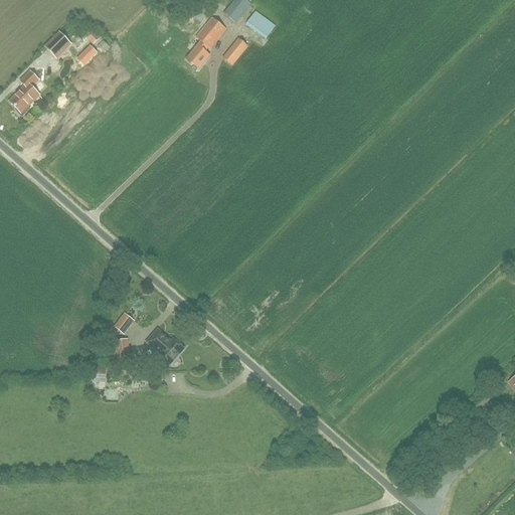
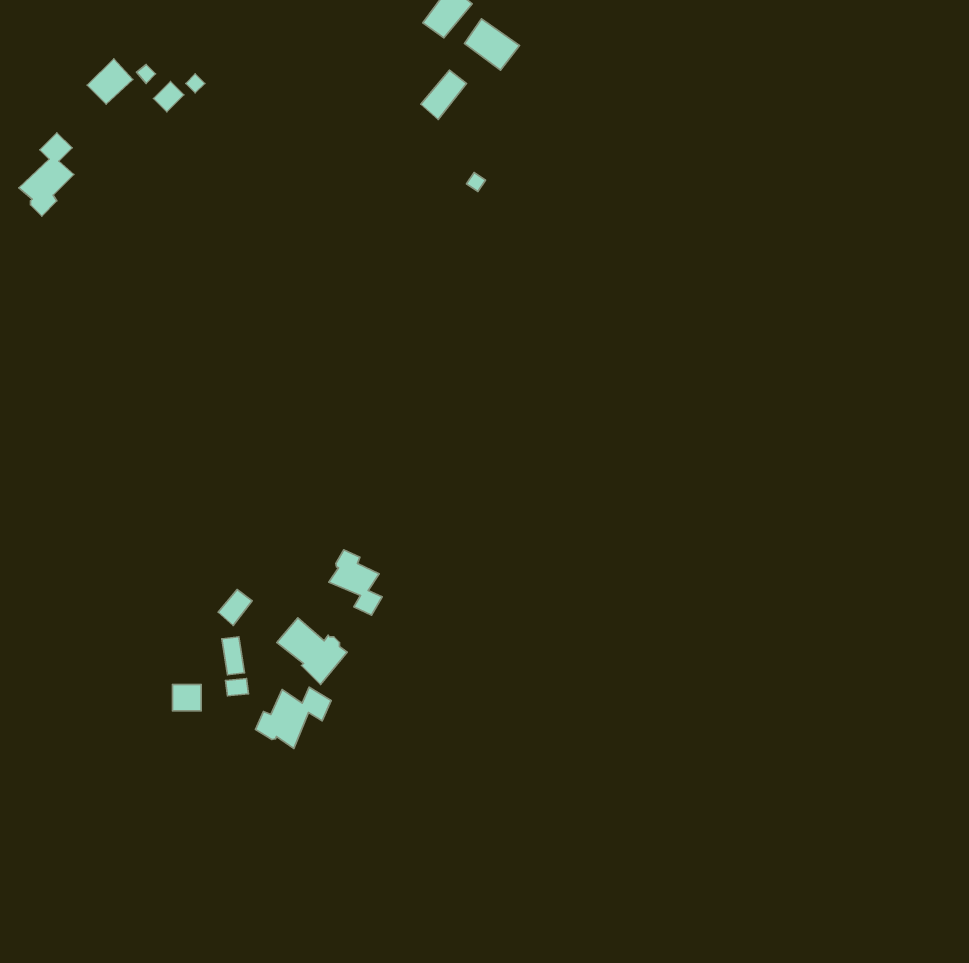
building: [187,16,226,66] -> none
building: none -> [329,550,382,615]
building: none -> [255,687,331,748]

